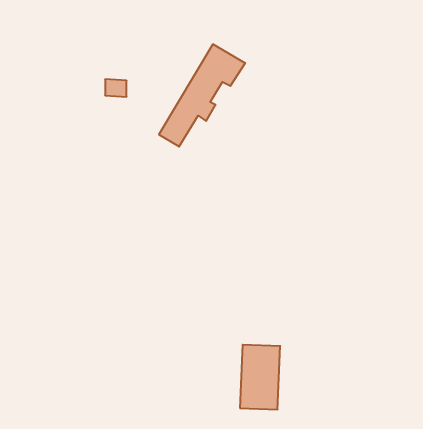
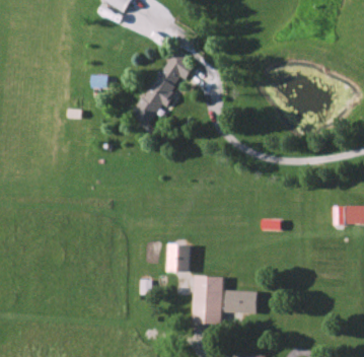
building: none -> [167,244,191,272]
building: none -> [224,290,258,320]

